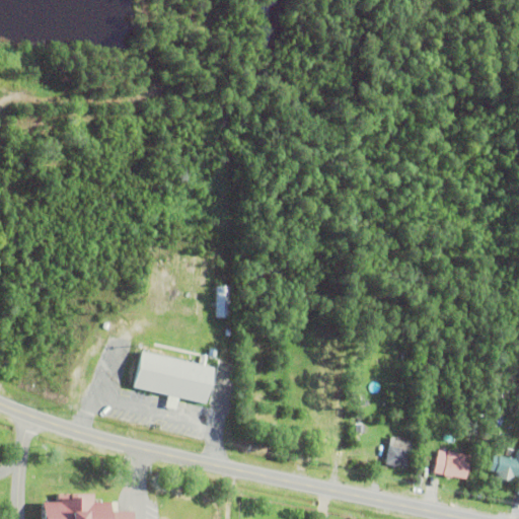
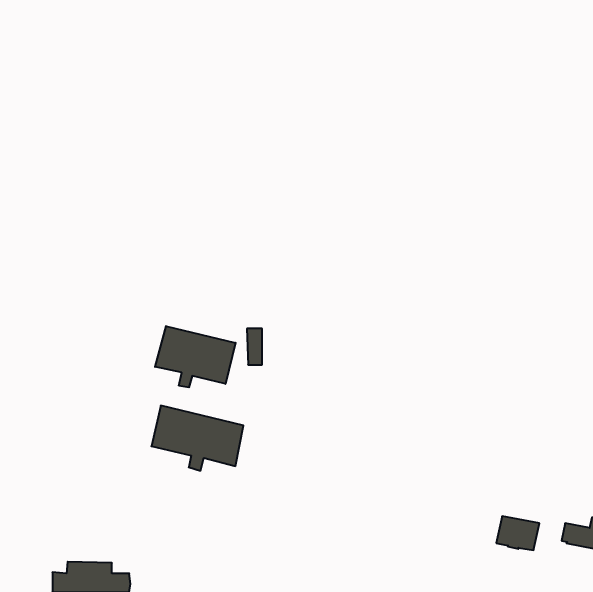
building: none -> [155,326,236,387]
building: [386,436,412,468] -> none

